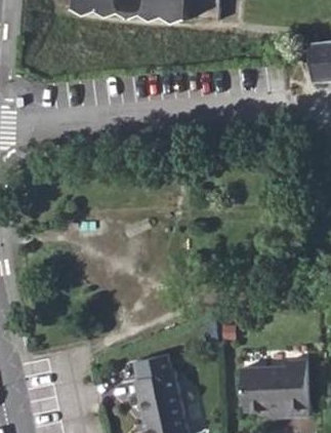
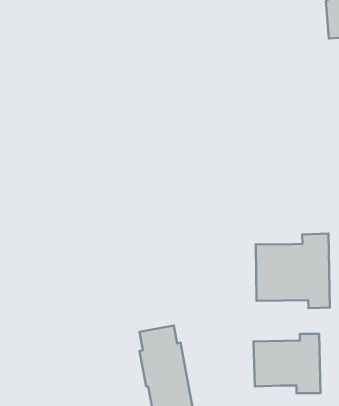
building: none -> [256,233,330,308]

